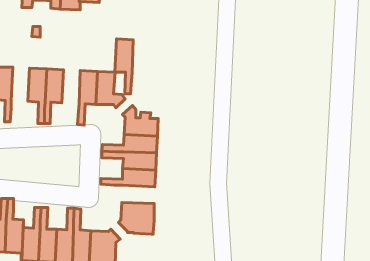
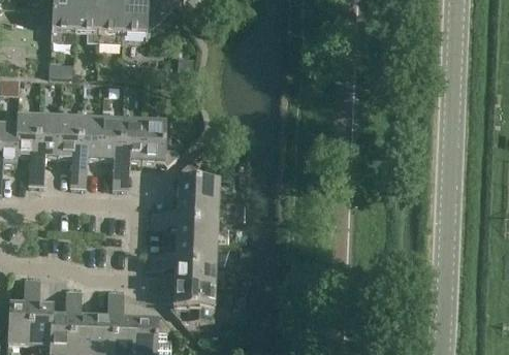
building: [115,39,133,94] -> [99,117,122,185]
building: none -> [35,114,59,182]
building: none -> [147,259,215,283]

